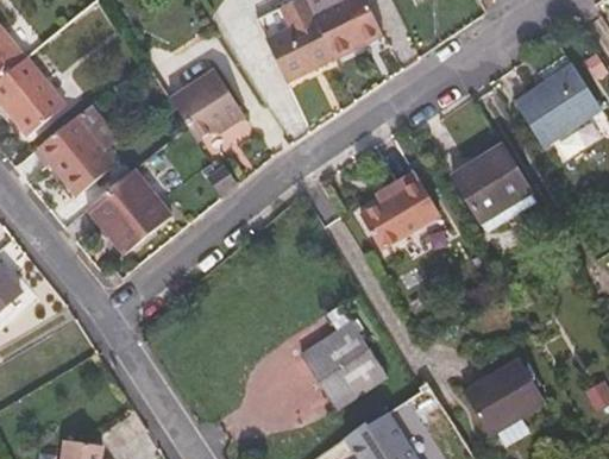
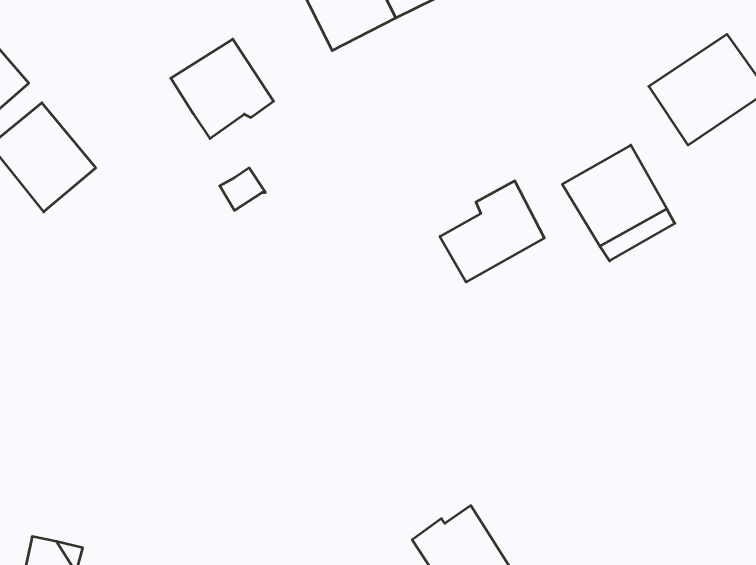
building: [86,169,169,251] -> none
building: [297,321,383,409] -> none
building: [463,357,545,434] -> none

